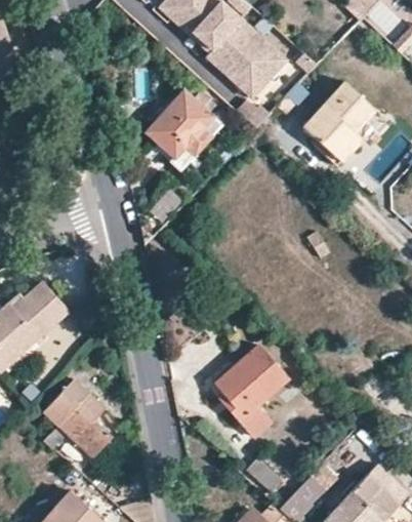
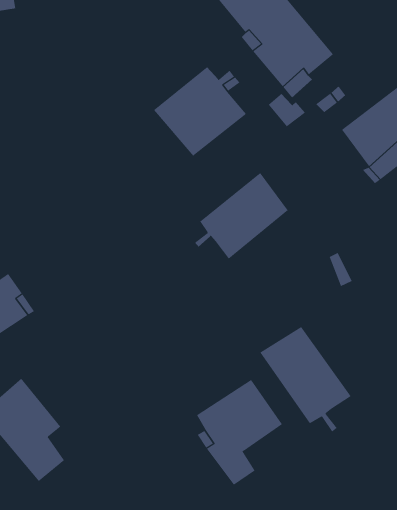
building: none -> [194,172,288,260]
building: none -> [259,326,351,432]

